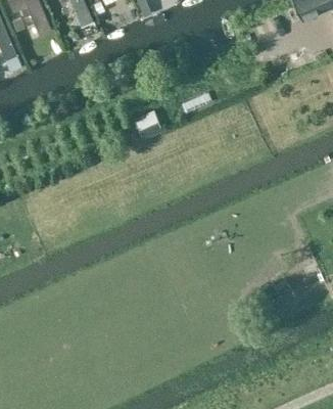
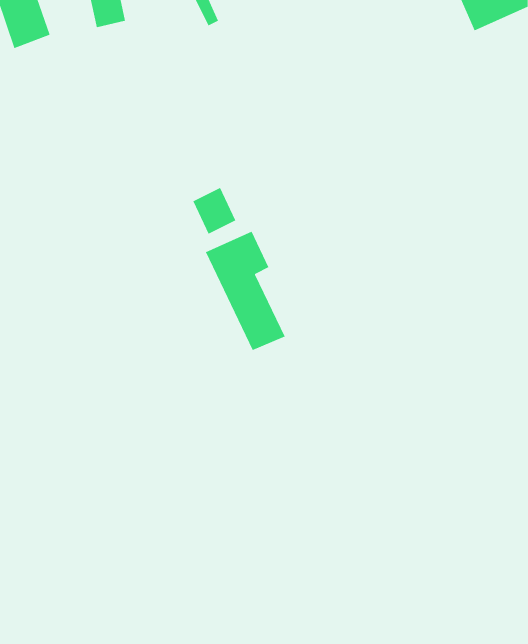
building: none -> [205,231,285,351]

